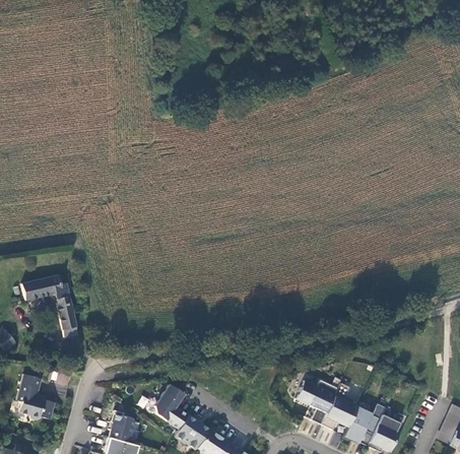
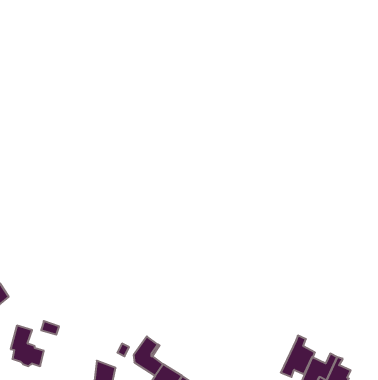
building: [24,275,82,338] -> none
building: [297,380,339,426] -> none

